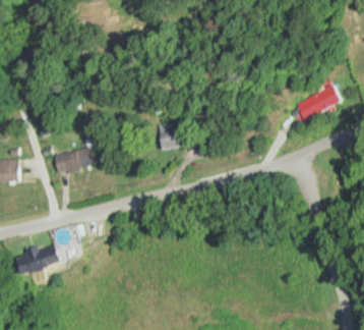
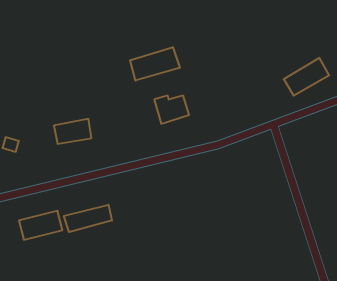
building: none -> [130,47,180,81]
building: none -> [64,205,112,232]

